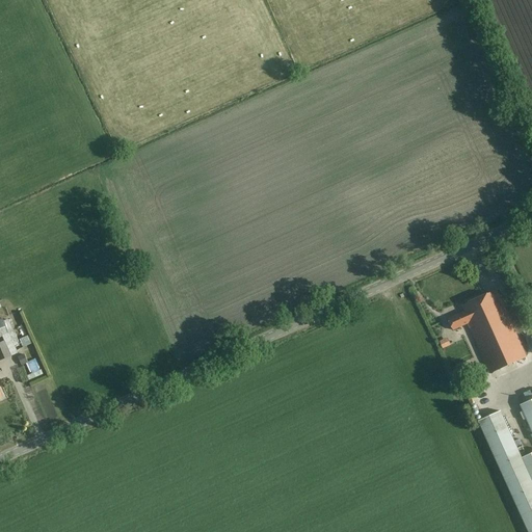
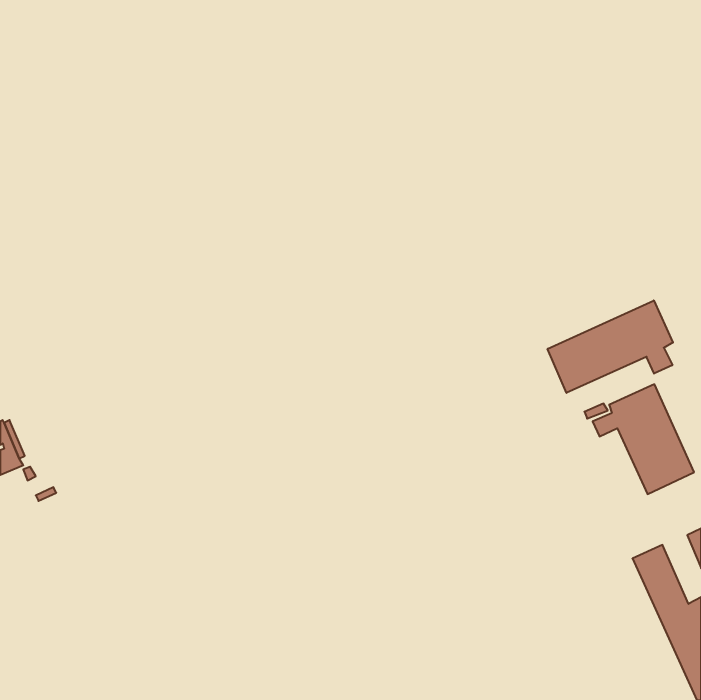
building: none -> [548,300,673,393]

